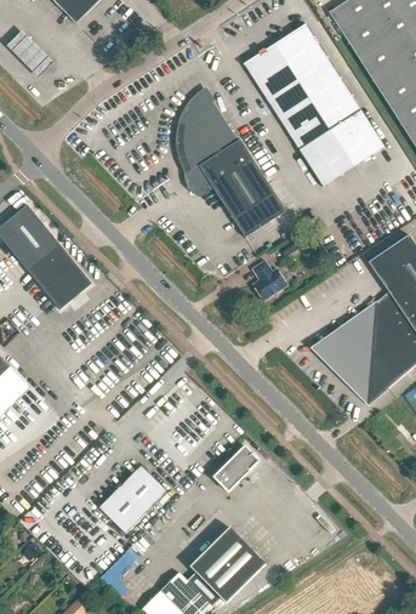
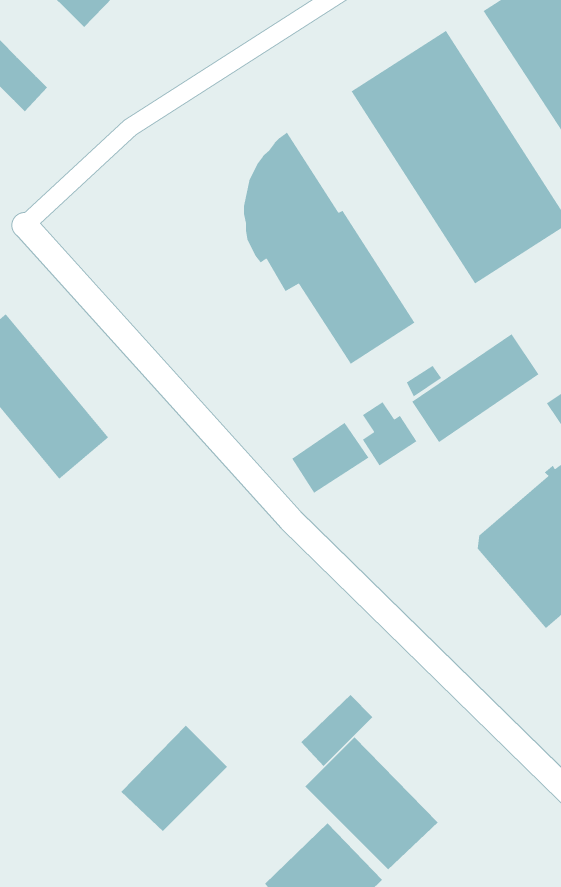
building: none -> [411,333,540,443]
building: none -> [291,422,370,494]
building: none -> [304,736,438,870]

